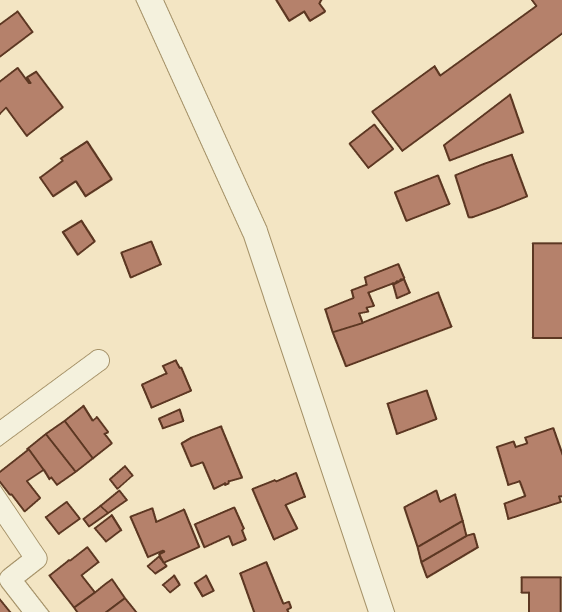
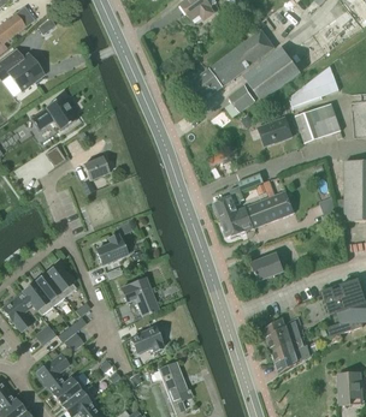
building: none -> [185,30,274,103]
building: [253,473,305,540] -> none
building: [131,508,199,563] -> none

